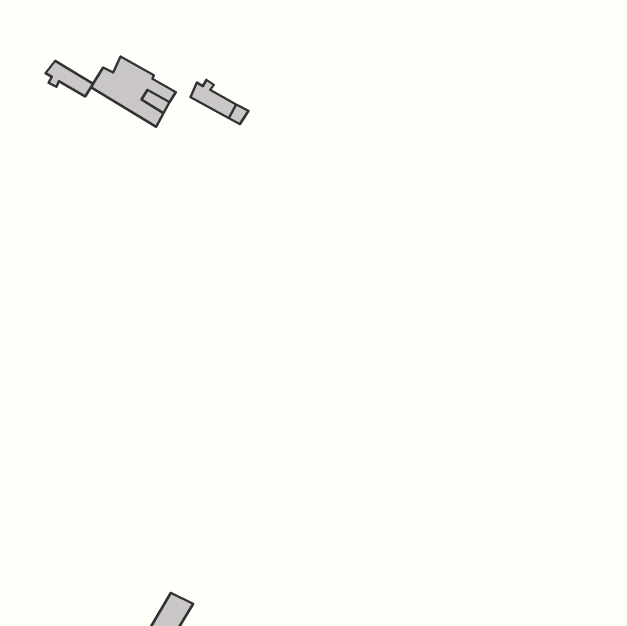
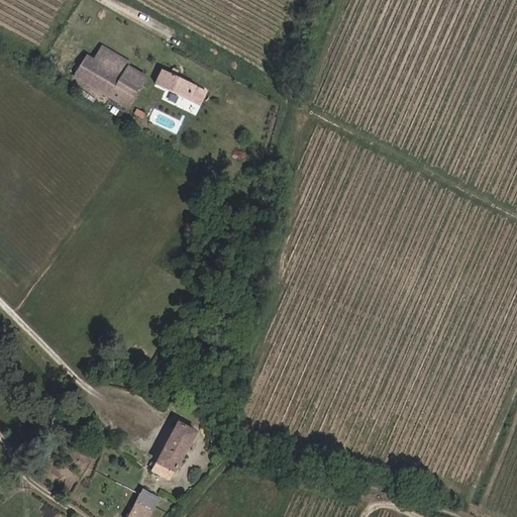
building: [46,61,93,97] -> none
building: none -> [150,421,194,481]

